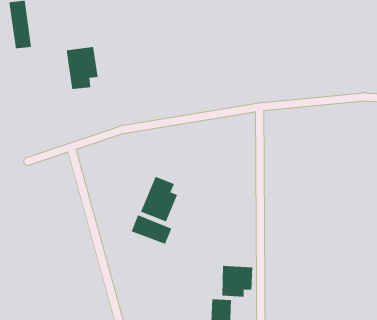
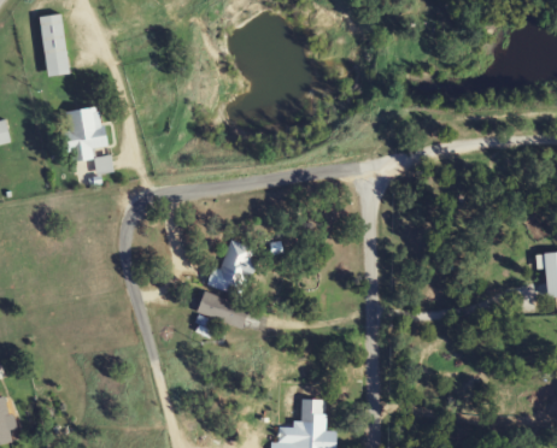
building: [66,46,99,89] -> [64,107,106,163]
building: [222,265,253,298] -> none

